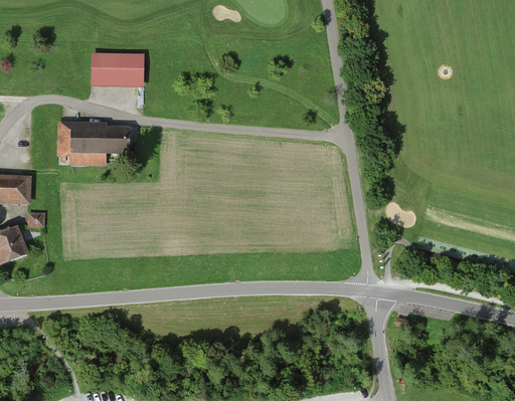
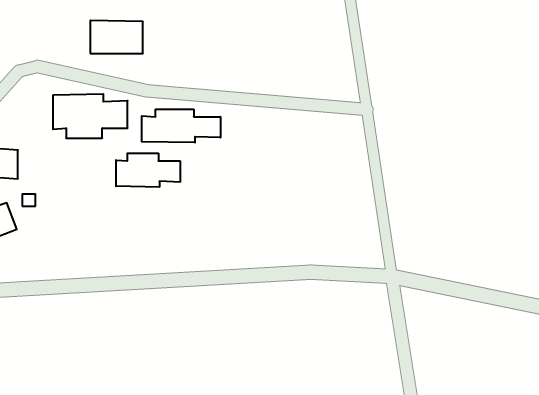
building: none -> [142,109,220,143]
building: none -> [116,153,180,187]

